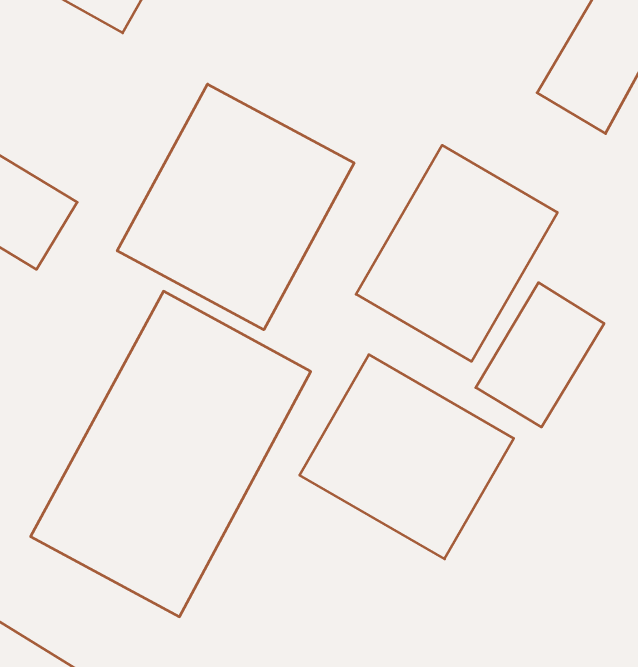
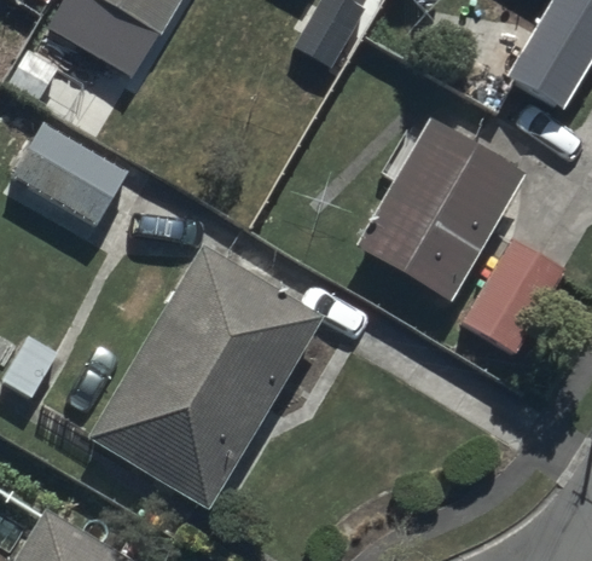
building: [117,84,354,330] -> none
building: [300,355,514,559] -> none

